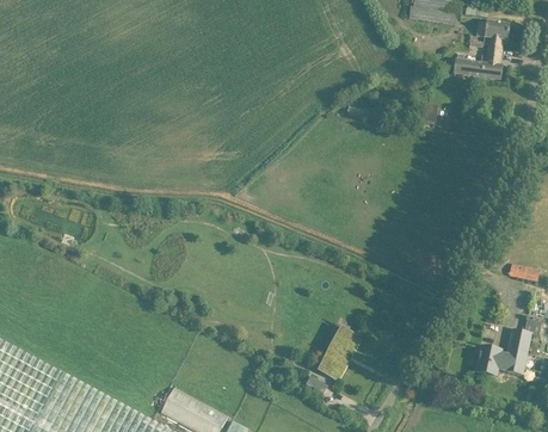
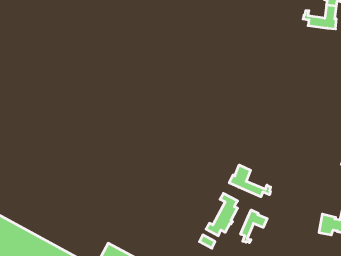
building: none -> [229,165,271,197]
building: none -> [241,210,267,243]

